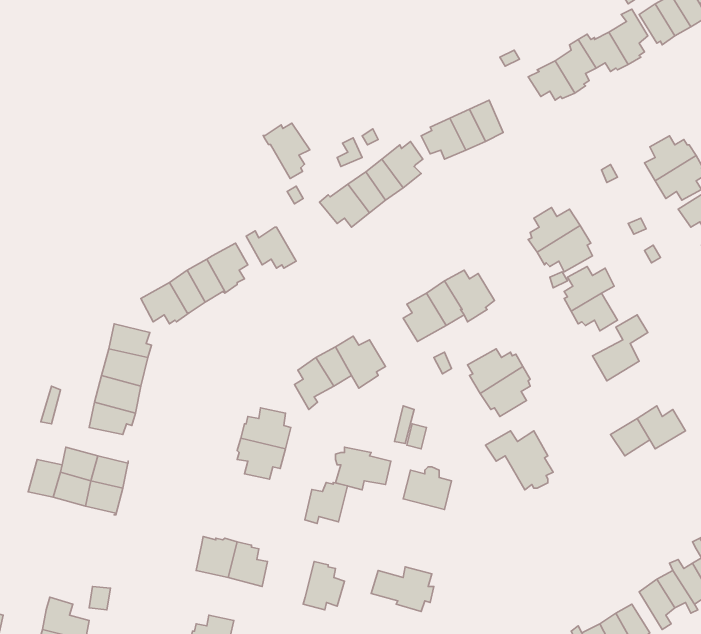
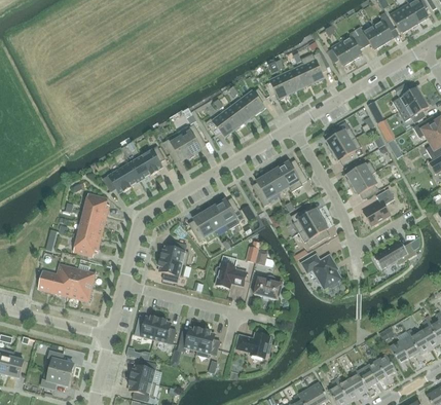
building: none -> [300,51,327,82]
building: [263,123,310,179] -> [177,124,204,156]
building: [305,482,348,524] -> [178,327,203,351]

